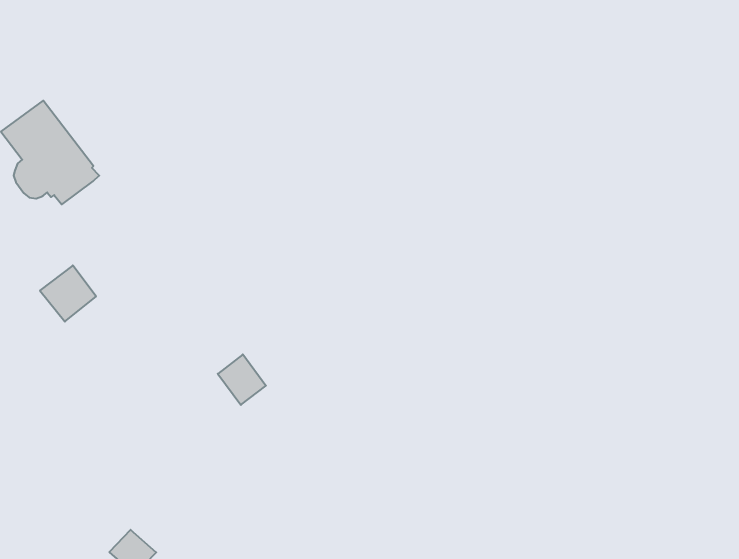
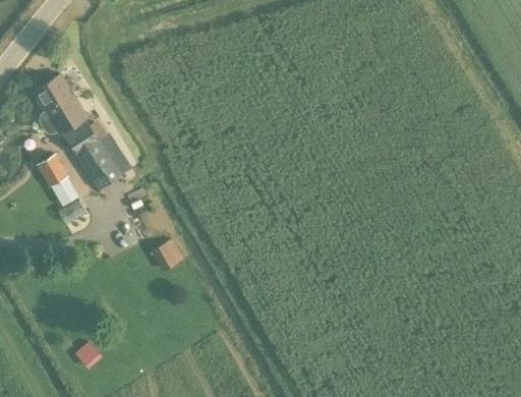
building: none -> [68,126,120,189]
building: none -> [39,152,72,185]

